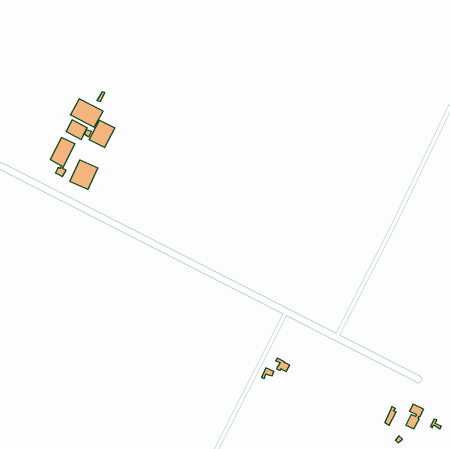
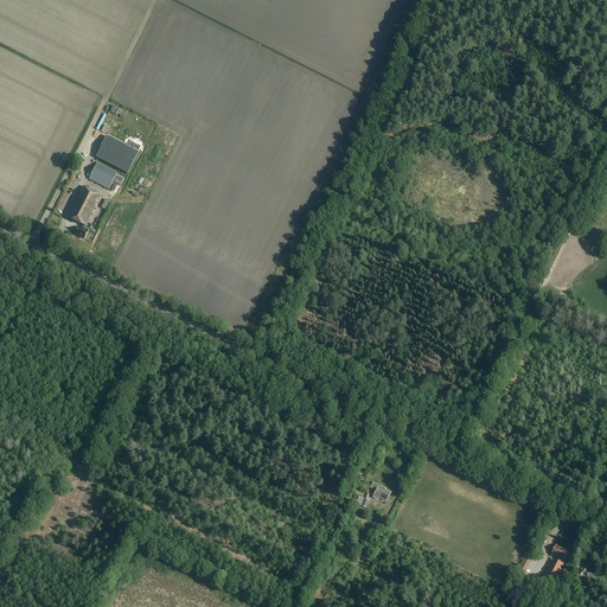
building: [89,120,115,148] -> none
building: [70,160,98,189] -> none

